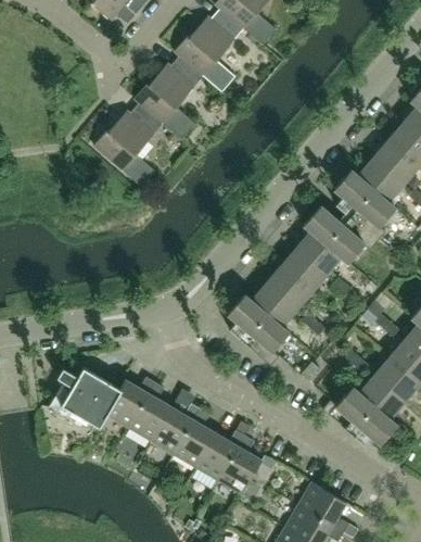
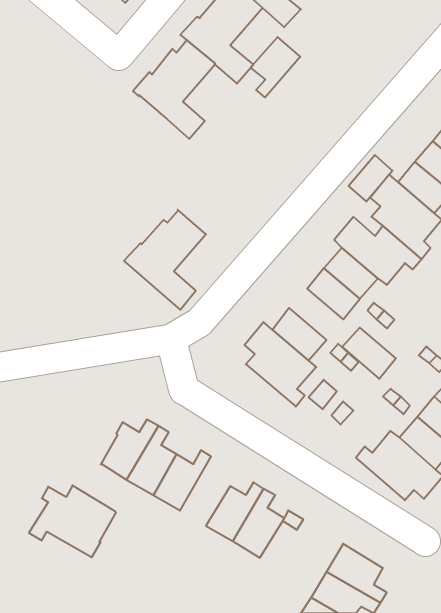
building: none -> [251,37,300,97]
building: [93,102,163,187] -> [124,210,206,310]
building: none -> [349,155,393,202]
building: [266,266,311,310] -> [342,328,396,379]
building: [47,367,120,428] -> [29,485,116,557]
building: [174,408,216,467] -> none

